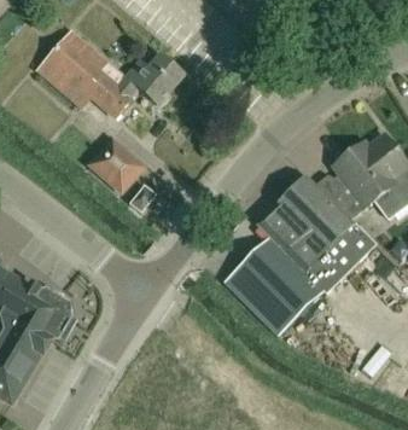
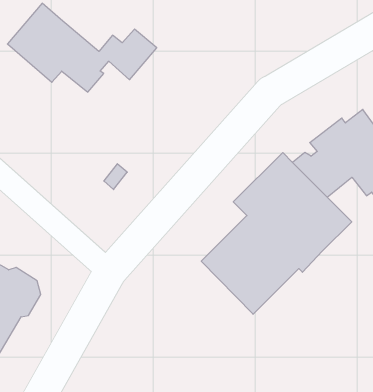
building: [92,141,142,192] -> none

